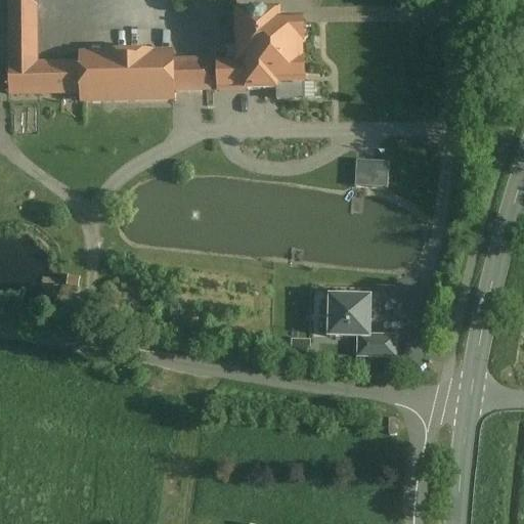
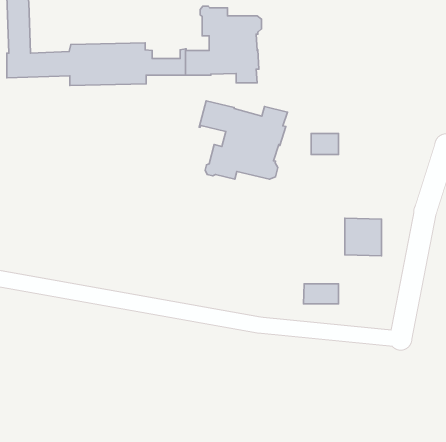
building: none -> [199,101,288,179]
building: [328,293,370,337] -> [345,218,382,256]

